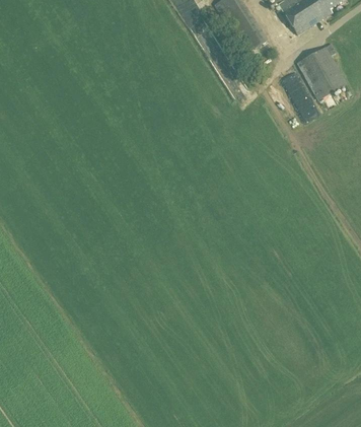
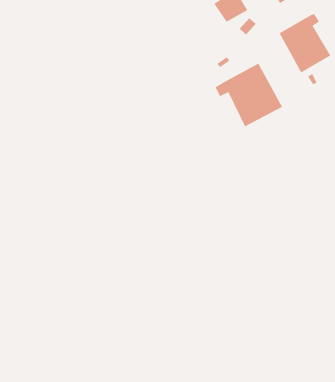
building: none -> [215,63,283,127]

